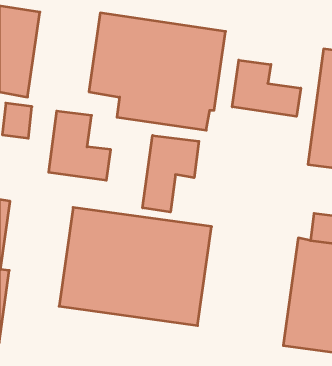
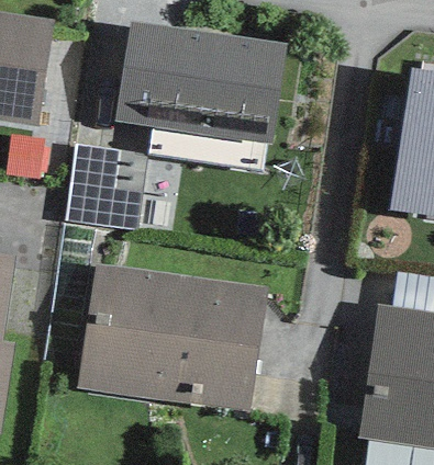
building: [232,60,301,116] -> none
building: [143,135,199,212] -> none

